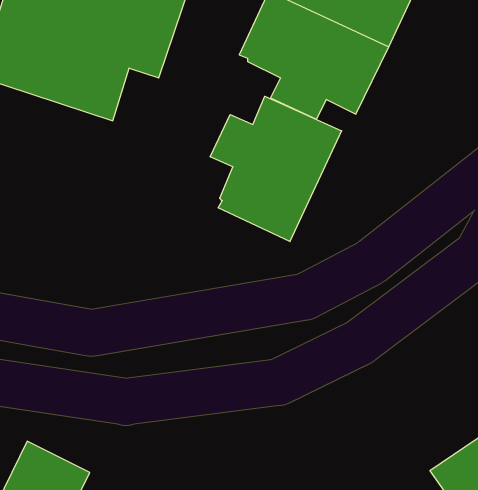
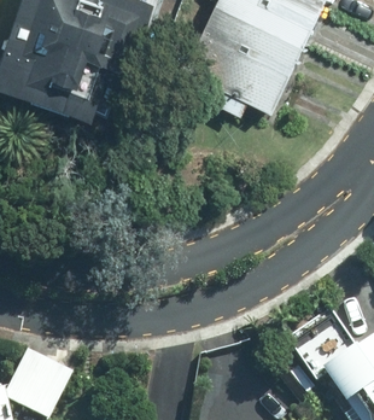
building: [210,96,342,242] -> none

